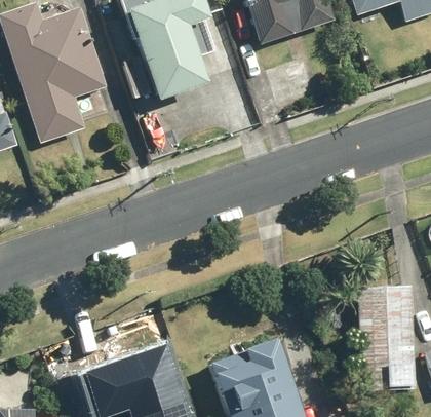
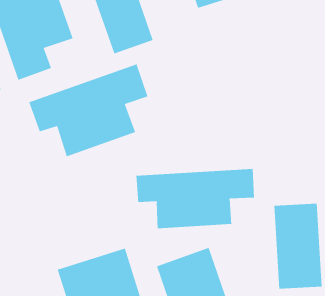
building: none -> [28,63,148,157]
building: none -> [136,168,255,229]

